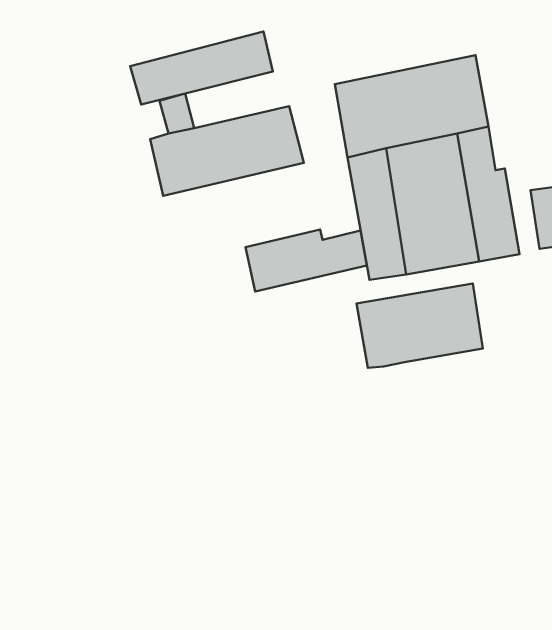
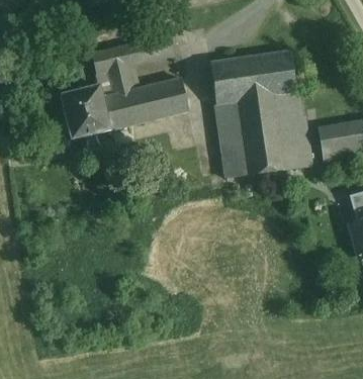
building: none -> [63,87,111,138]
building: [245,230,367,291] -> none
building: [357,284,483,368] -> none

